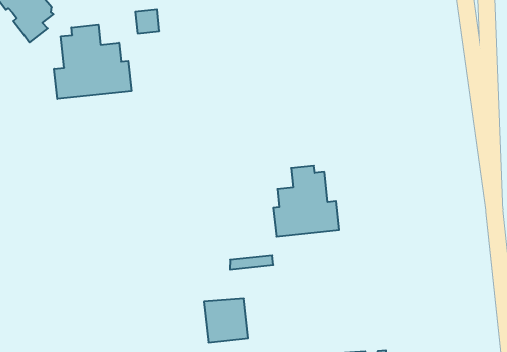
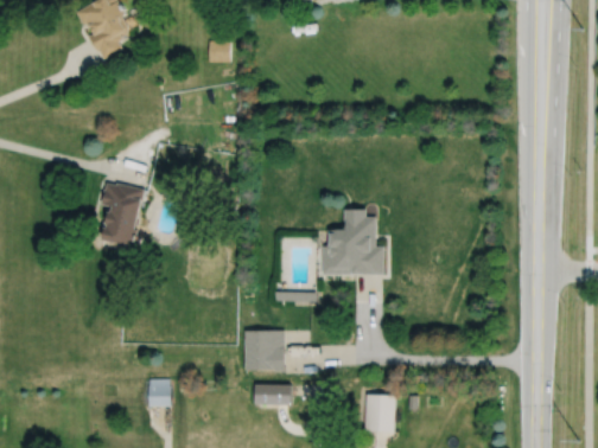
building: [54,25,131,99] -> none
building: none -> [100,184,144,245]

